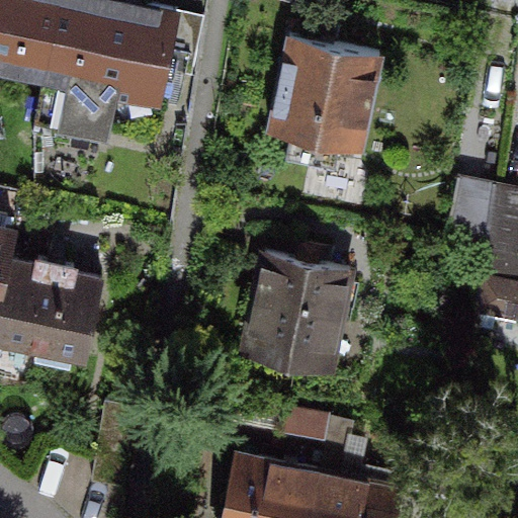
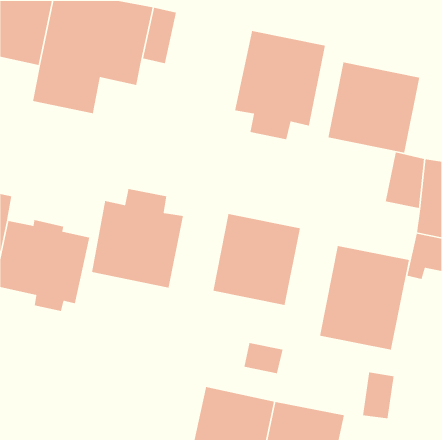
building: none -> [328,62,420,154]
building: none -> [91,188,184,289]
building: none -> [319,245,410,350]

